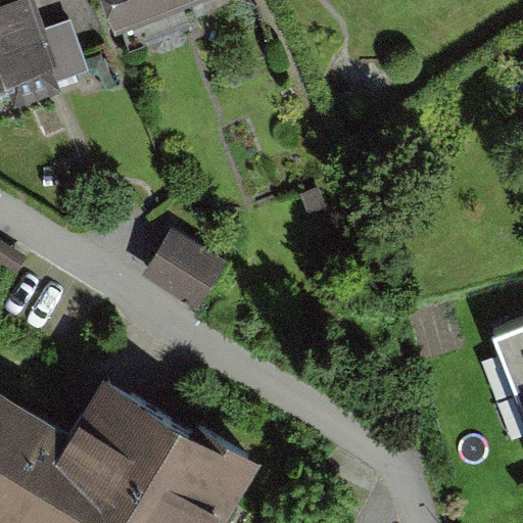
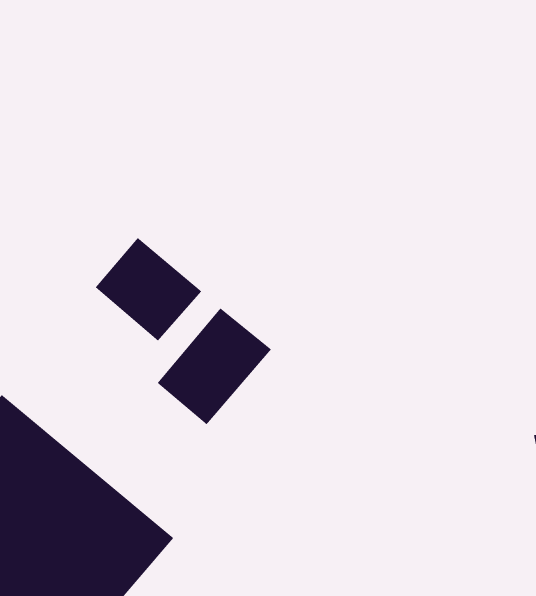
building: none -> [157,307,272,425]

